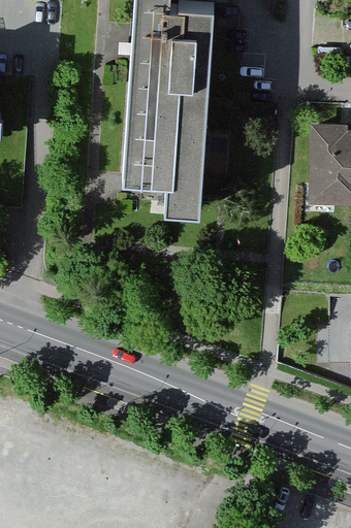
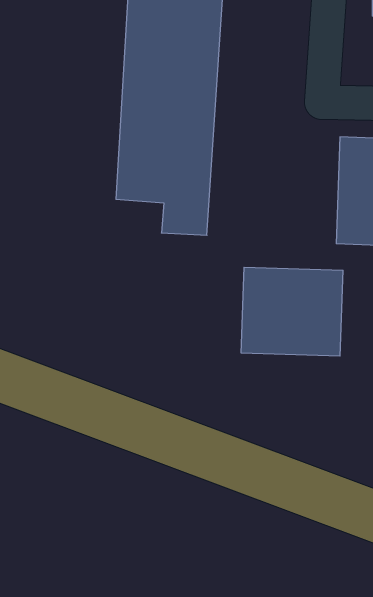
building: none -> [241,267,343,356]

